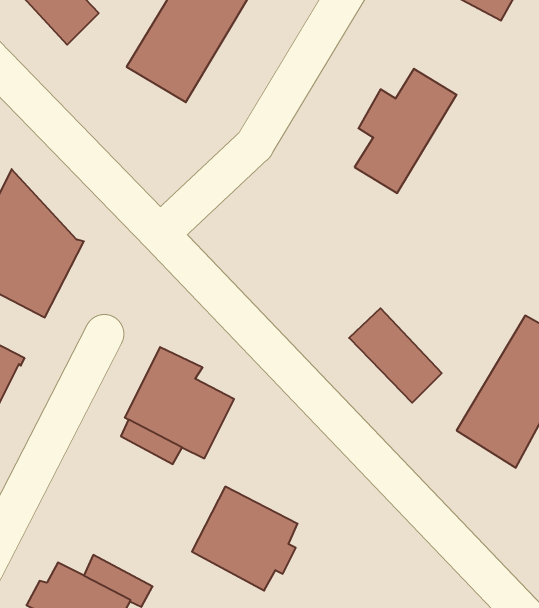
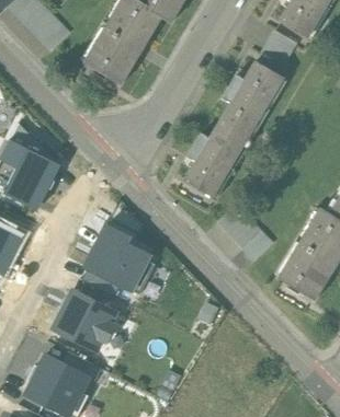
building: none -> [262,32,295,65]
building: none -> [185,121,246,195]
building: [192,487,298,591] -> [53,290,115,351]

